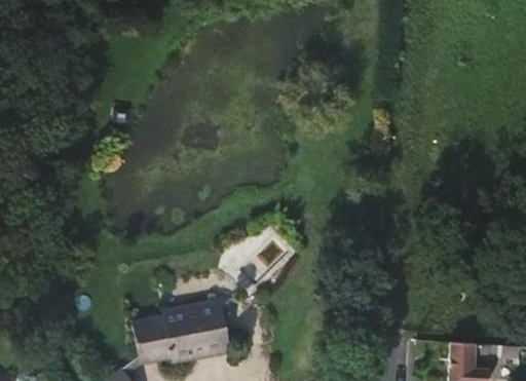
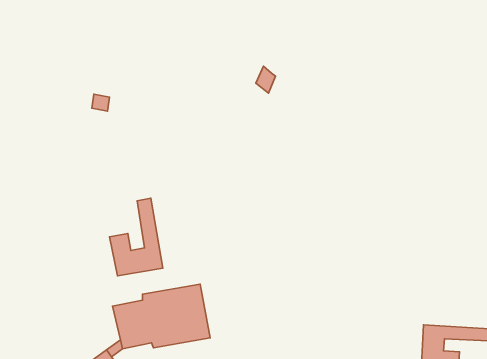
building: none -> [110,198,163,276]

